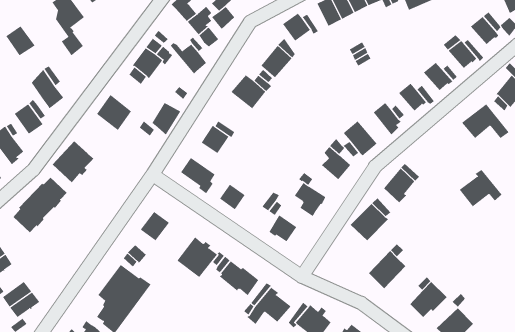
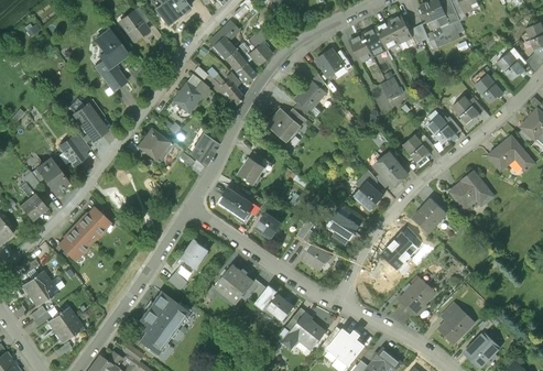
building: [5,25,35,56] -> none
building: [52,141,94,183] -> none
building: [459,169,502,207] -> [450,172,492,208]

